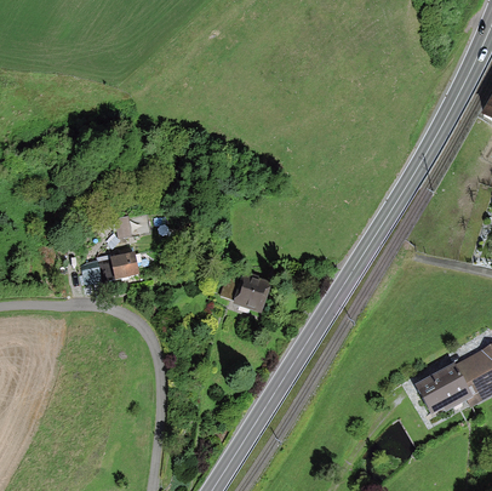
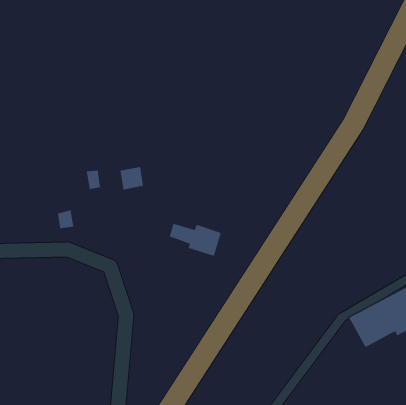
building: [111,251,139,279] -> [120,166,144,190]

